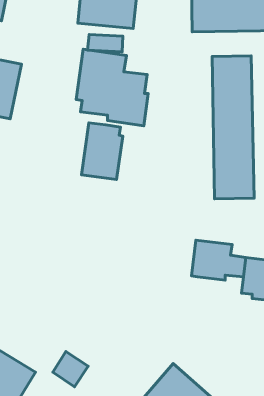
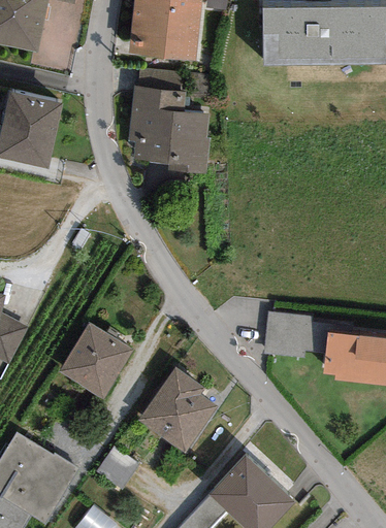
building: [212,56,254,199] -> none
building: [81,123,123,179] -> none
building: none -> [57,322,133,399]
building: none -> [134,365,218,455]

